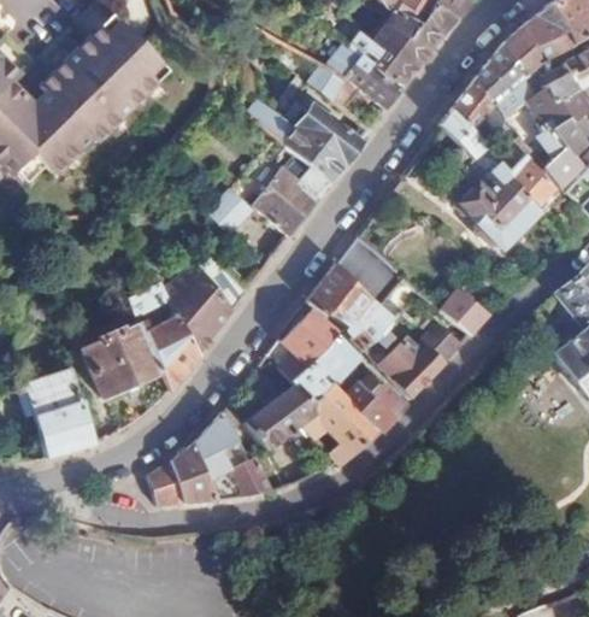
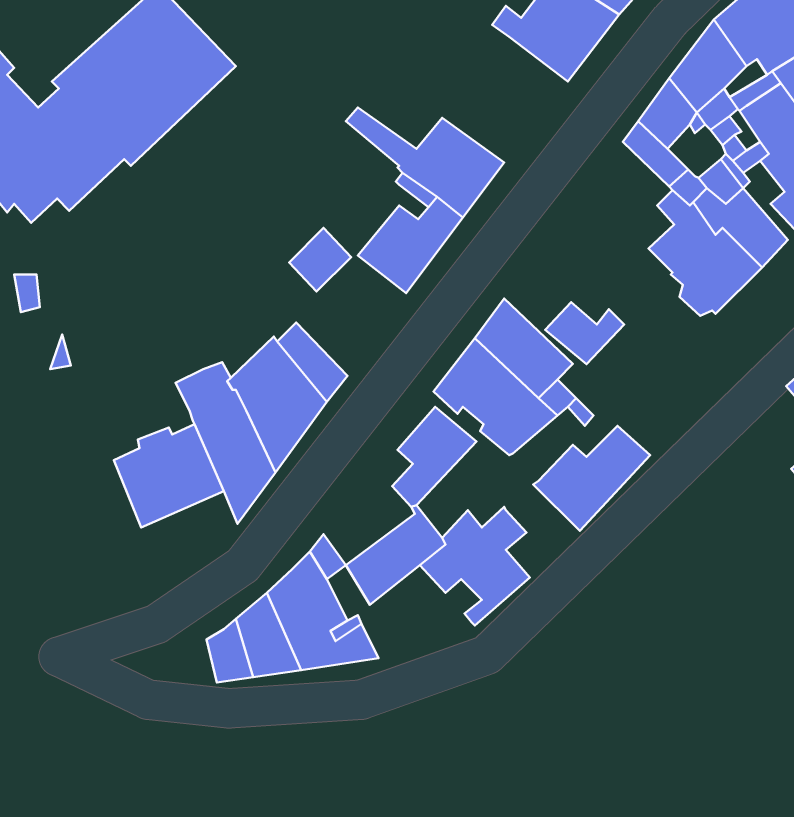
building: [307,52,402,106] -> none
building: [441,290,496,334] -> [545,302,624,364]
building: [296,335,358,402] -> none
building: [14,360,94,454] -> none
building: [359,374,404,430] -> none

